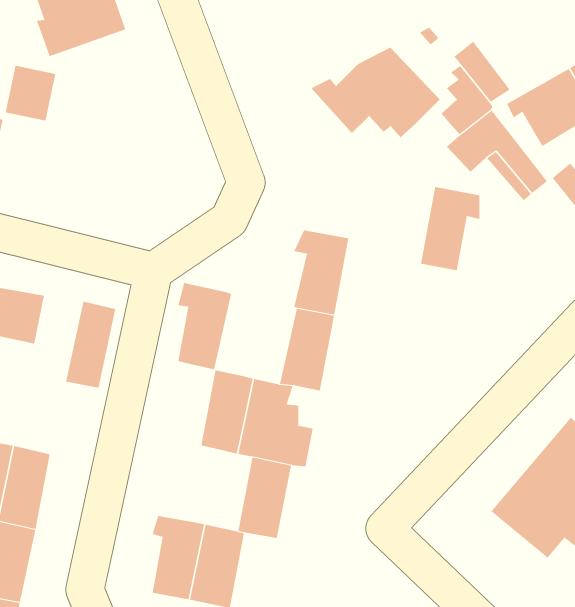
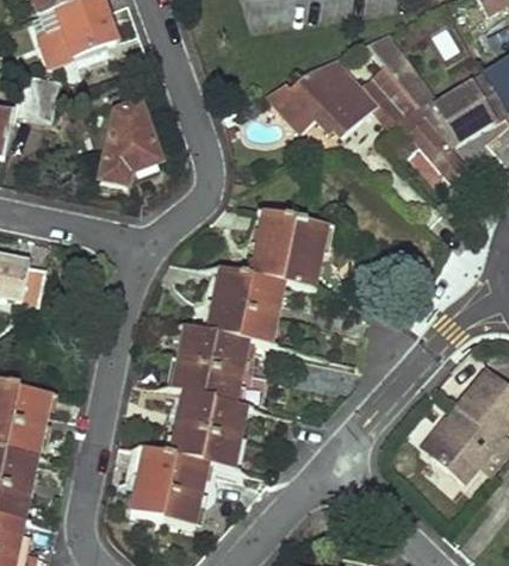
building: none -> [95,102,157,184]
building: [420,187,480,271] -> [287,216,337,286]
building: [178,283,232,370] -> [210,265,255,337]
building: [66,301,116,388] -> none
building: none -> [166,391,218,460]

